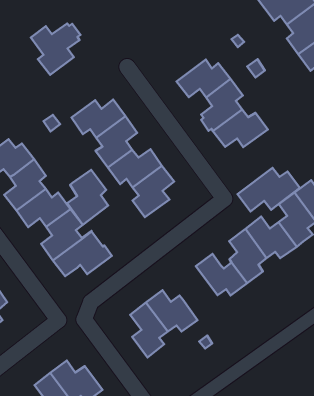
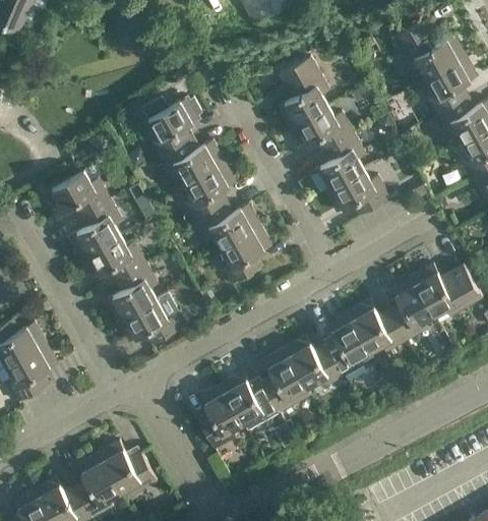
building: none -> [278,57,329,128]
building: [31,24,81,75] -> [143,98,202,156]
building: [238,168,300,212] -> none
building: [67,170,108,225] -> none
building: none -> [262,349,312,413]

